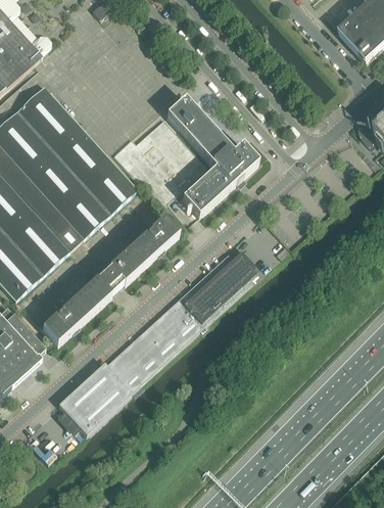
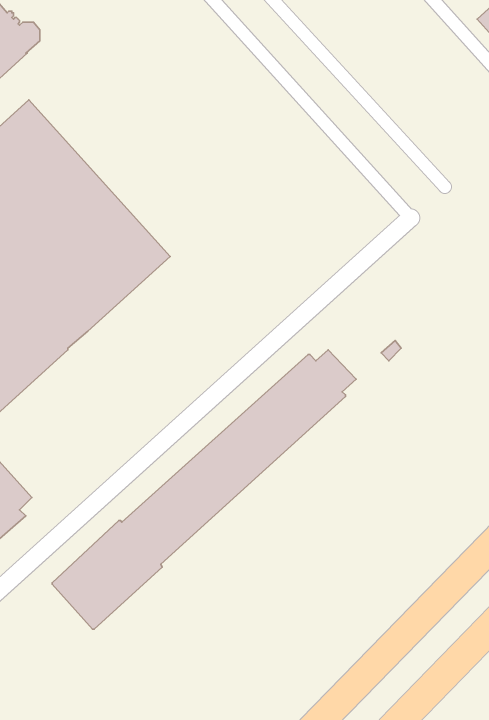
building: [166,98,258,216] -> none
building: [40,216,179,345] -> none

